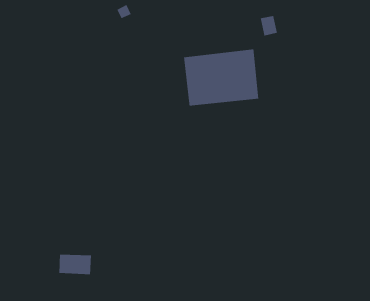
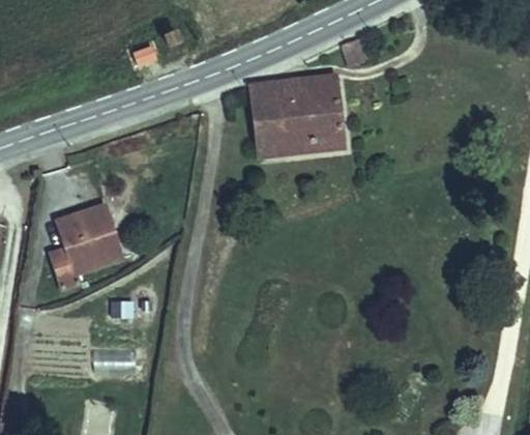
building: none -> [35,214,102,300]

